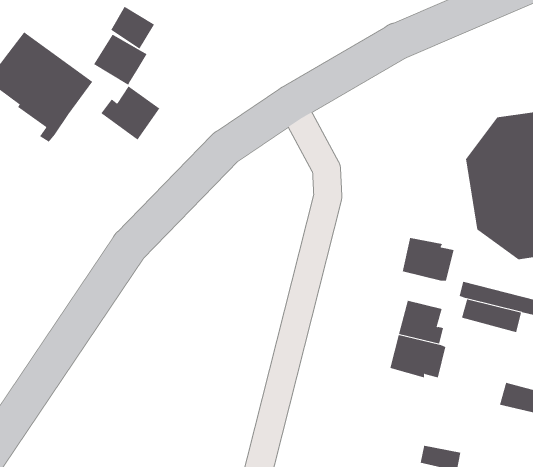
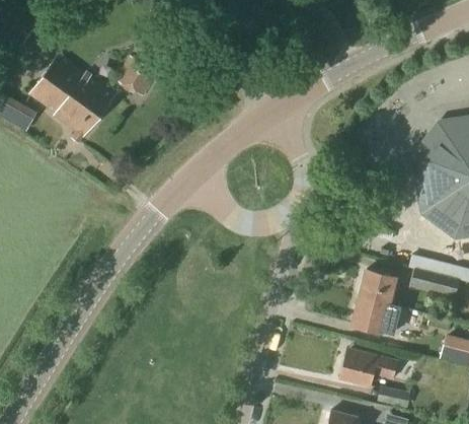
building: [110,6,155,50] -> none
building: [100,86,160,141] -> none
building: [402,237,454,282] -> none
building: none -> [339,348,399,385]

